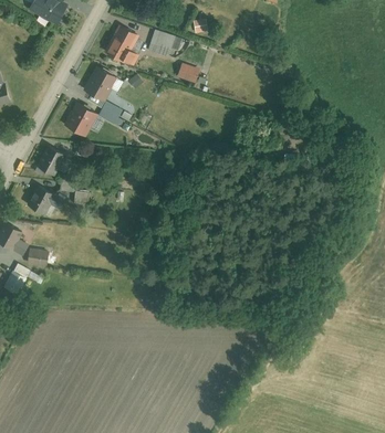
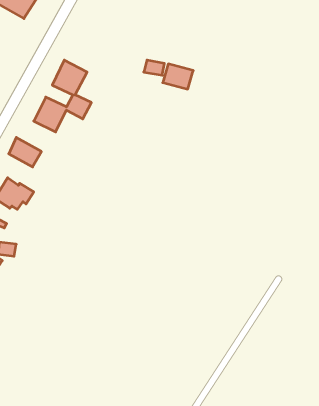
building: [104,25,137,67] -> none
building: [152,32,183,57] -> [163,64,193,89]

